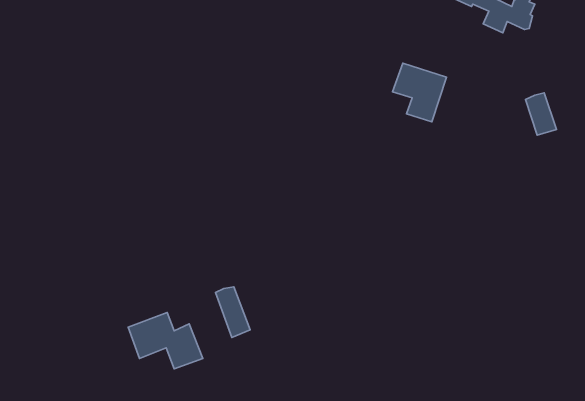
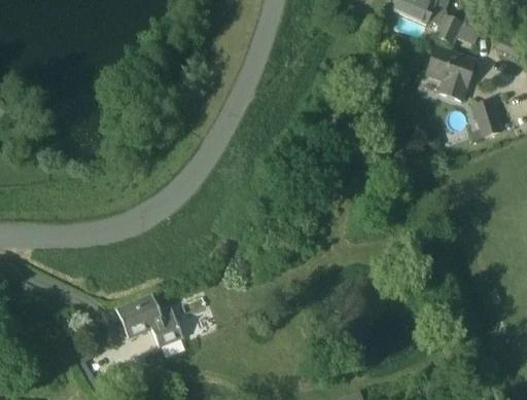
building: [393,63,447,122] -> [425,46,473,99]
building: [216,287,250,338] -> none

